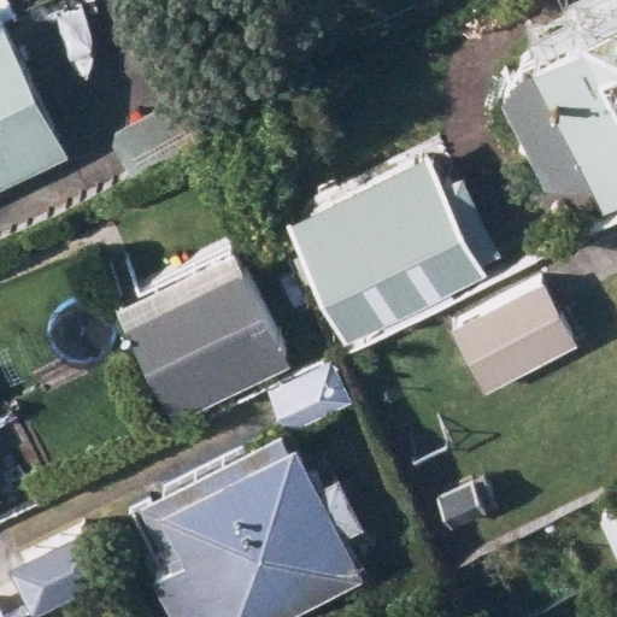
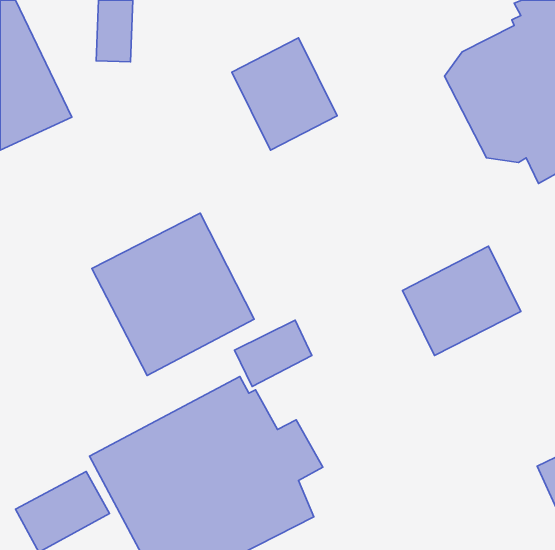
building: none -> [232,38,337,150]
building: [287,163,503,346] -> none

